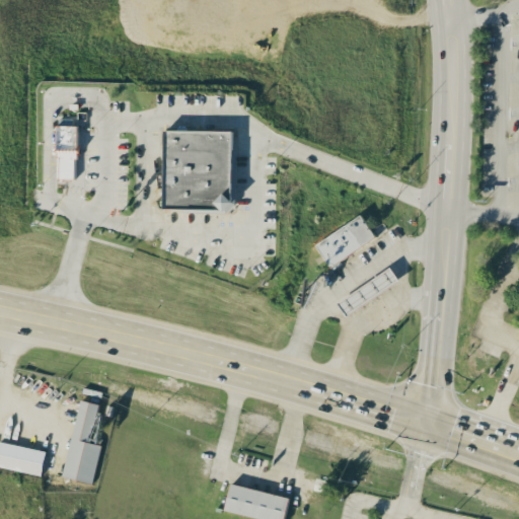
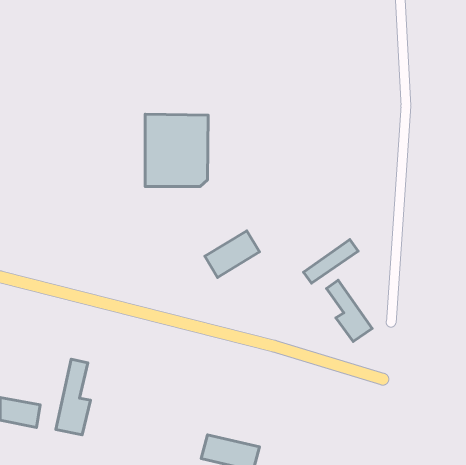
building: [56,125,78,181] -> none
building: [315,216,376,268] -> [205,231,260,277]
building: none -> [326,280,372,341]

